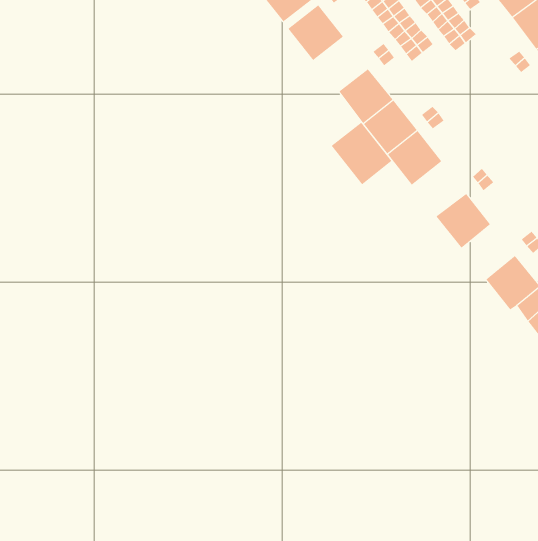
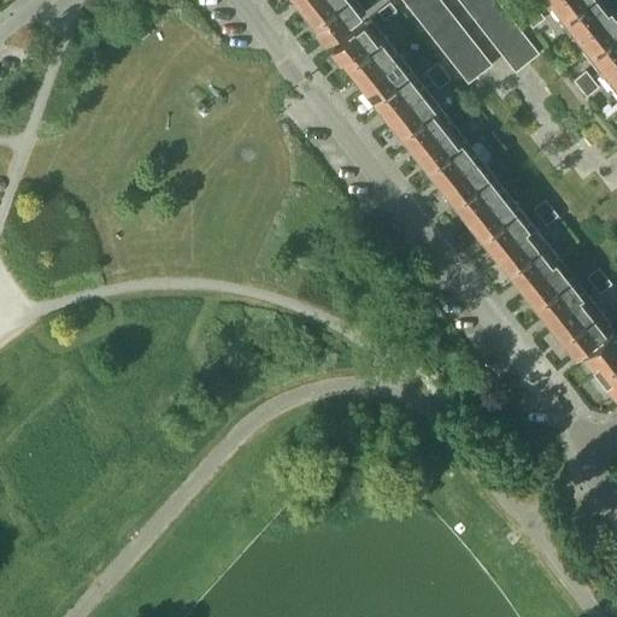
building: none -> [357,54,417,114]
building: [331,122,392,185] -> none
building: none -> [464,190,524,251]
building: none -> [518,259,577,319]

